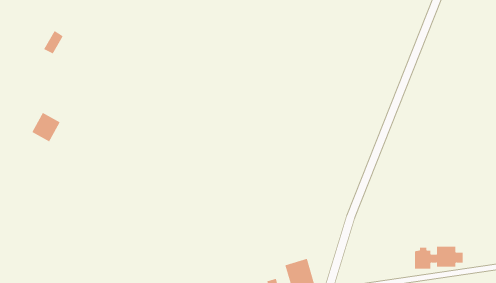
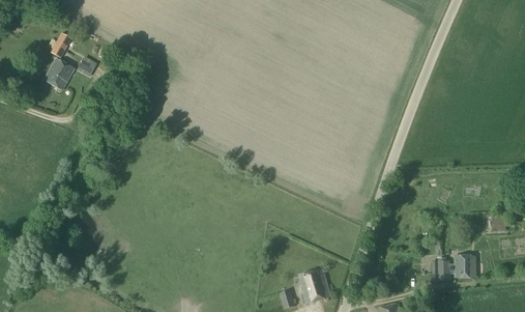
building: [31,112,61,142] -> [43,58,74,89]

